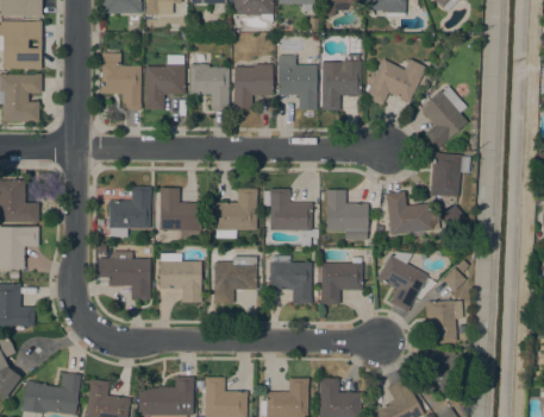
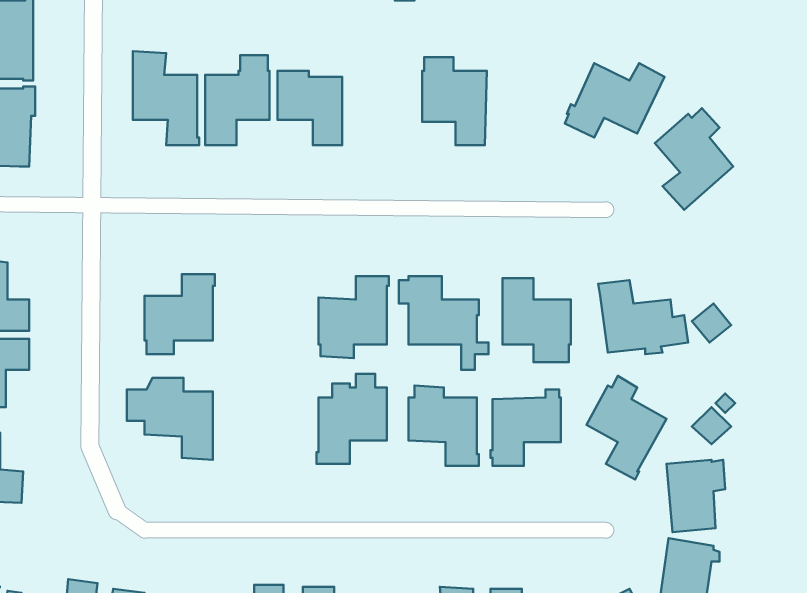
building: [321,53,361,110] -> none
building: [233,64,273,109] -> none
building: [430,152,469,197] -> none
building: [160,190,201,240] -> none
building: [160,254,201,303] -> none

